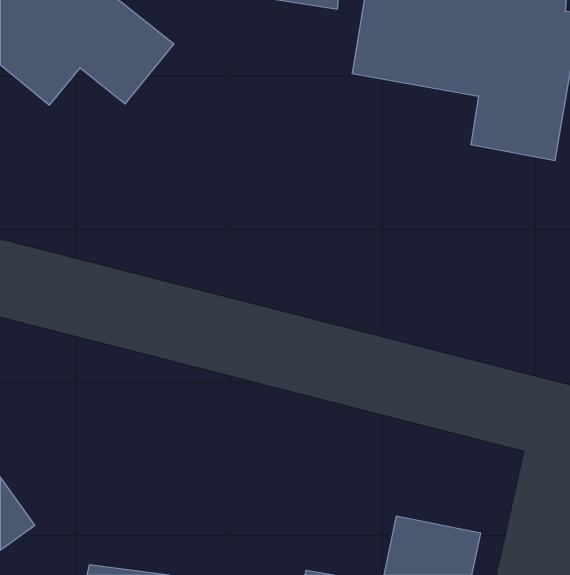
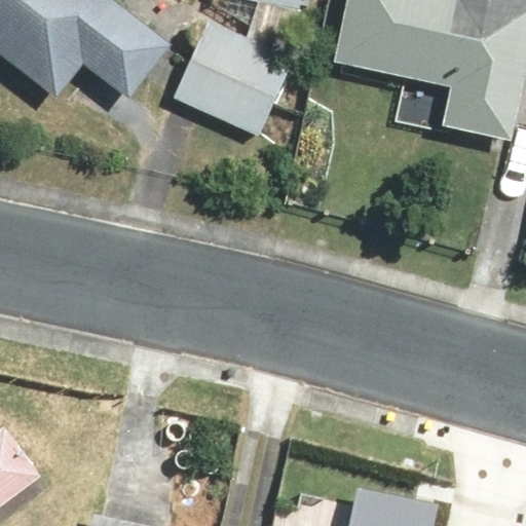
building: none -> [174,20,296,140]

